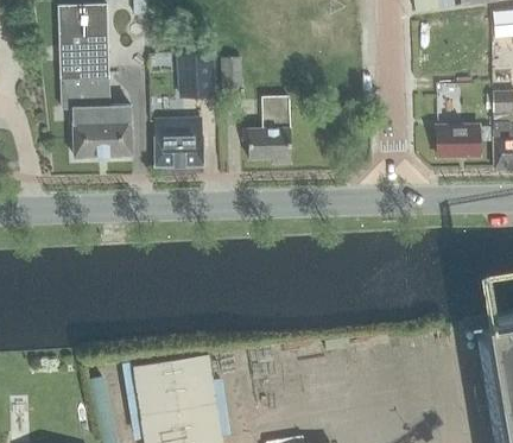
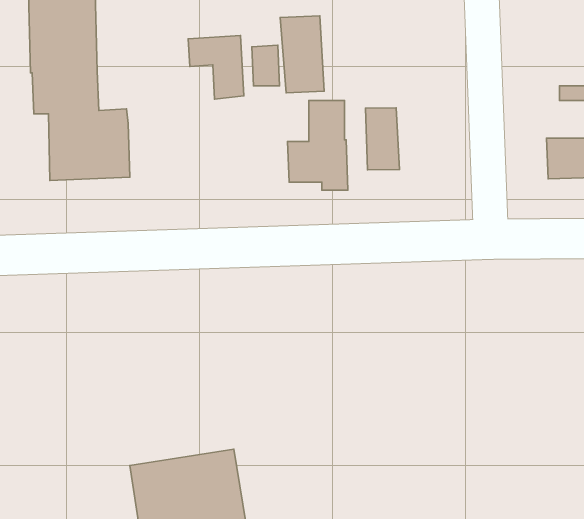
building: none -> [280,16,324,93]
building: none -> [366,108,399,170]
building: [154,120,203,166] -> none

